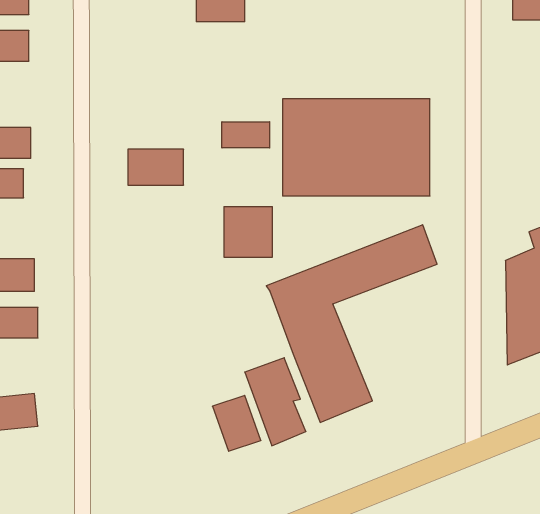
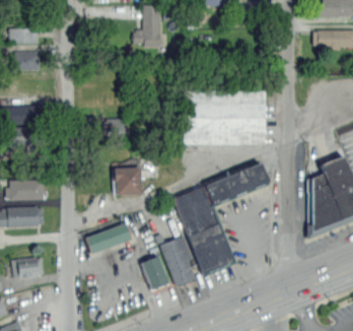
building: [222,122,270,148] -> none
building: [224,207,272,257] -> [115,167,142,195]
building: none -> [86,223,130,254]

